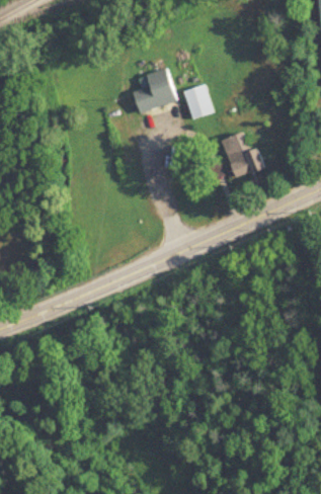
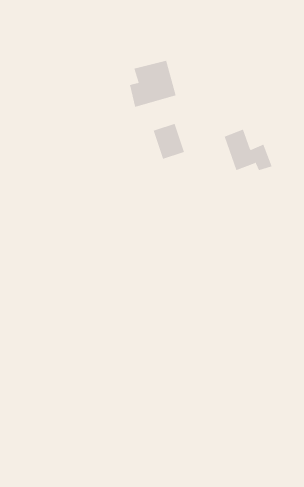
building: [181,84,212,118] -> [153,123,185,160]

